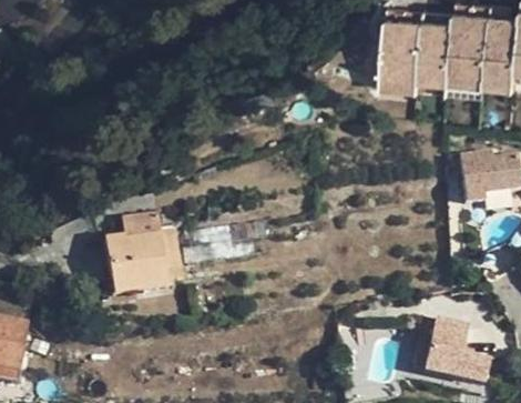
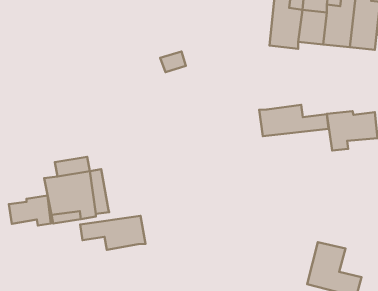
building: none -> [259,105,329,136]
building: none -> [9,195,51,226]
building: none -> [80,216,145,250]

